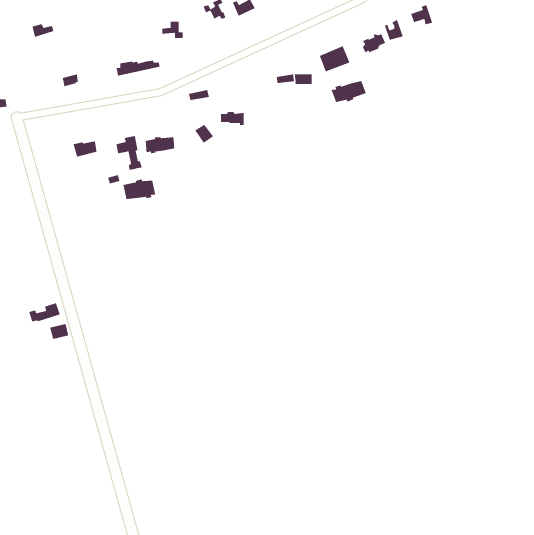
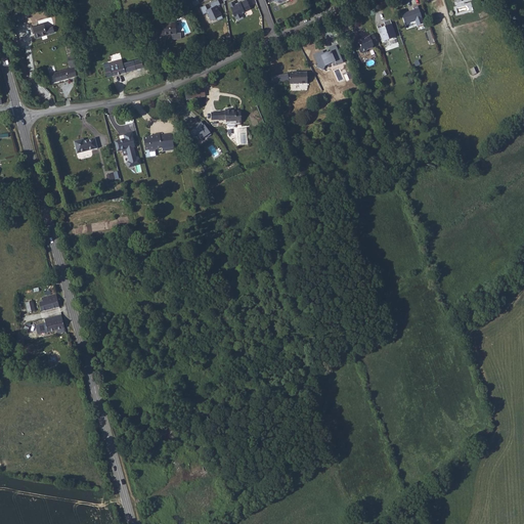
building: [331,80,367,103] -> none
building: [122,178,156,200] -> none

